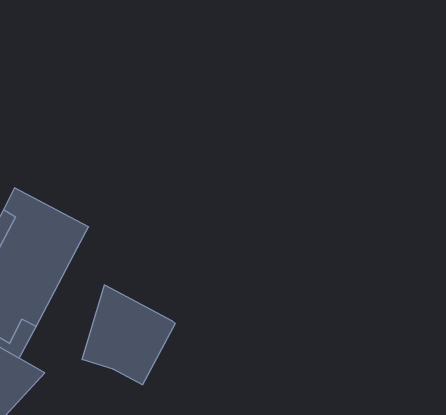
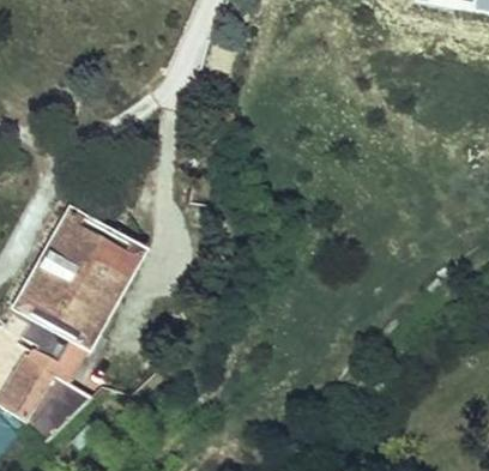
building: [82,285,175,385] -> none

